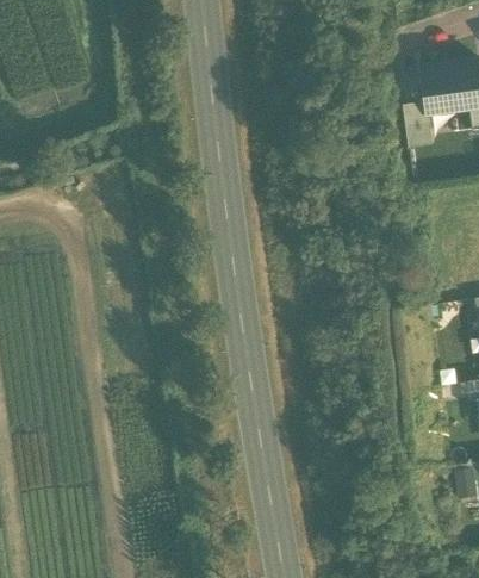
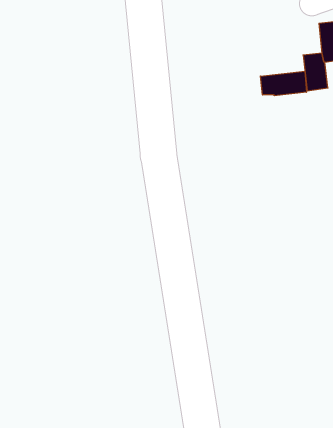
building: none -> [260,71,306,96]

